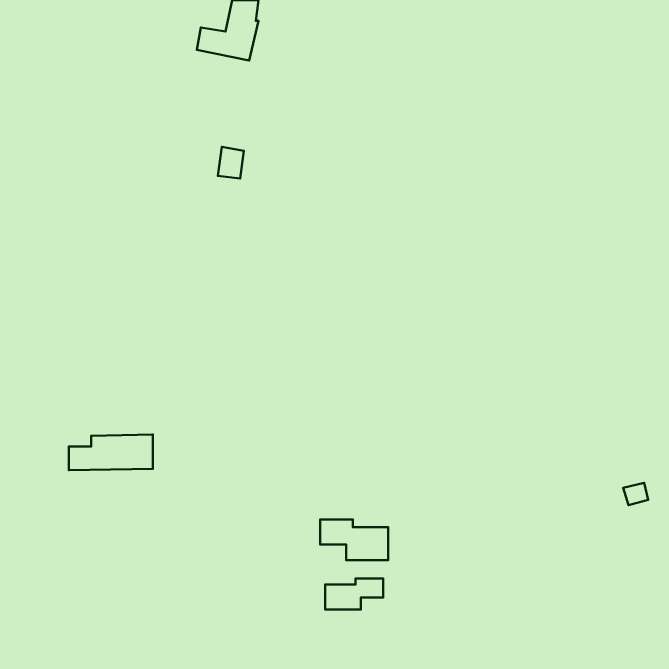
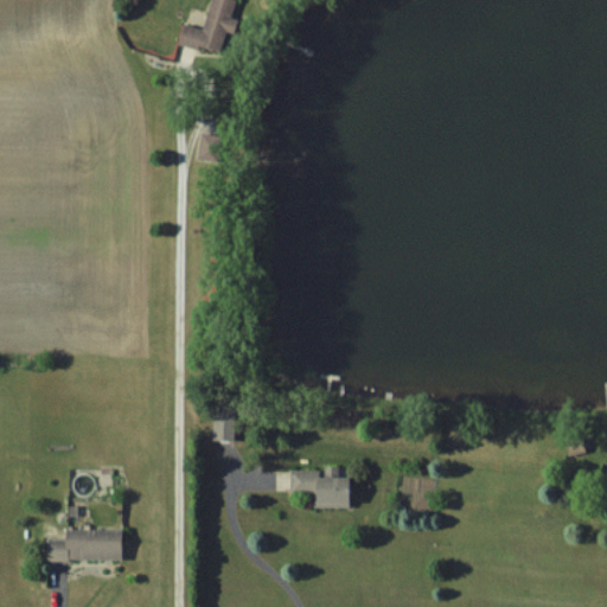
building: [69,435,153,470] -> [46,529,122,561]
building: [325,579,383,610] -> none

